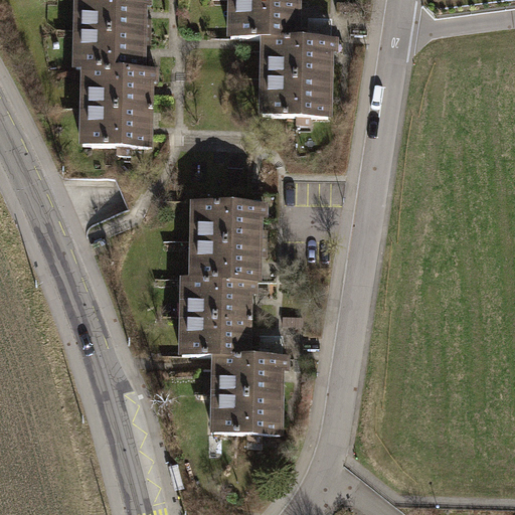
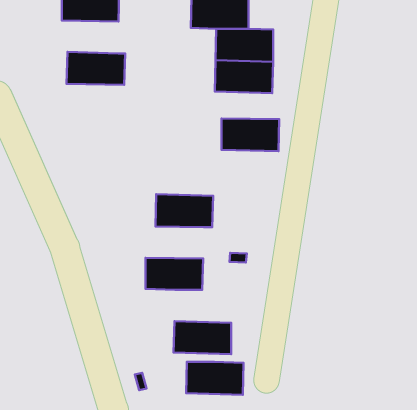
building: [74,25,145,65] -> none
building: [81,103,152,142] -> none
building: [191,199,262,239] -> [222,118,279,151]
building: [178,276,249,316] -> none
building: [213,354,284,394] -> [186,362,244,395]

